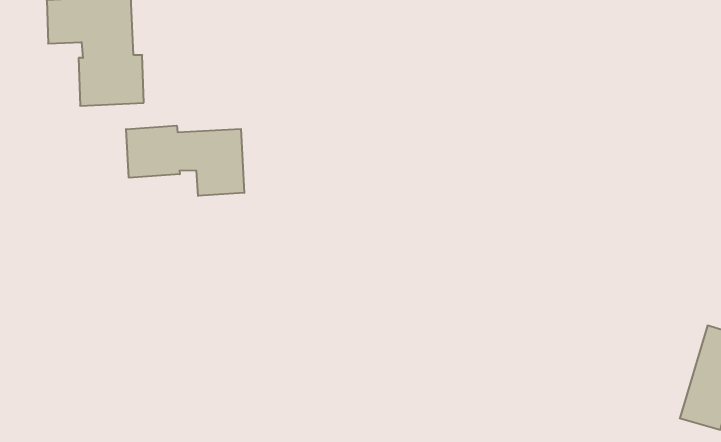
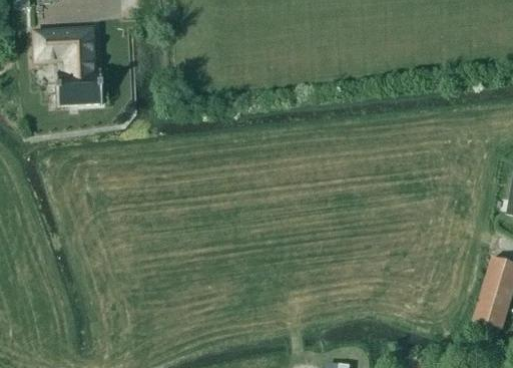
building: [126,126,244,196] -> none

